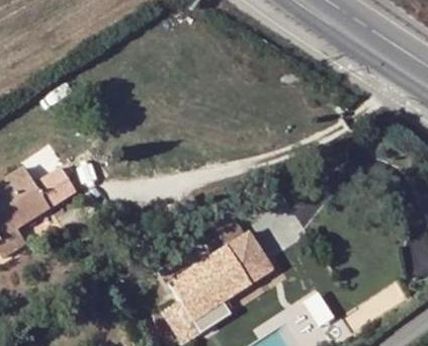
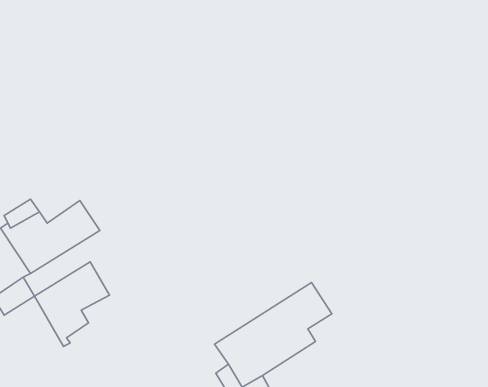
building: none -> [34,262,110,346]

